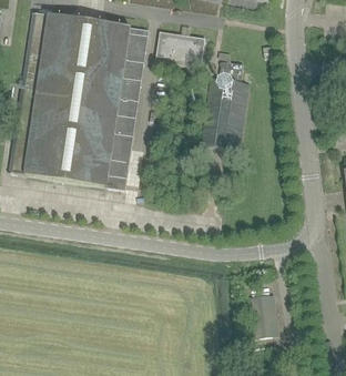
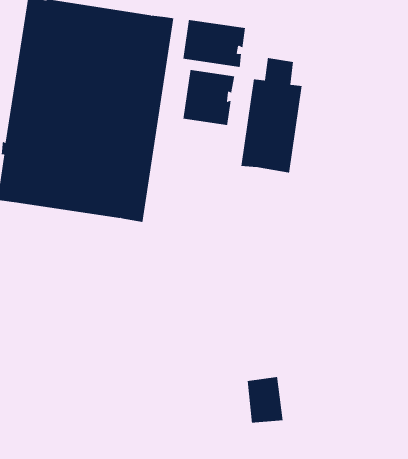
building: none -> [183,69,235,126]
building: [250,296,278,333] -> [247,377,283,423]

